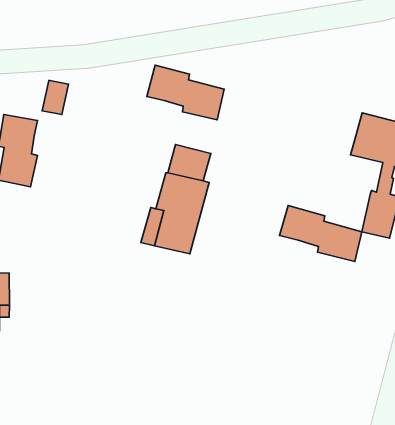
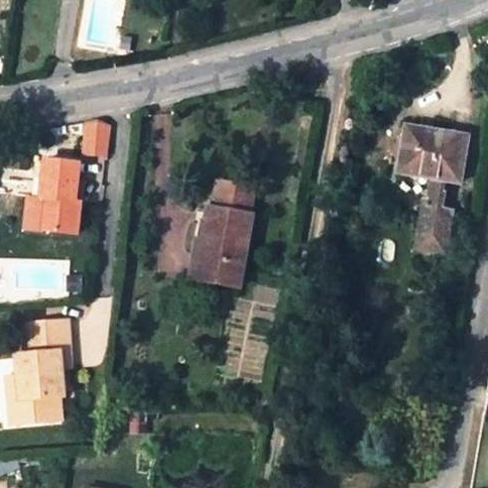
building: [147,65,224,120] -> none
building: [280,205,362,261] -> none

